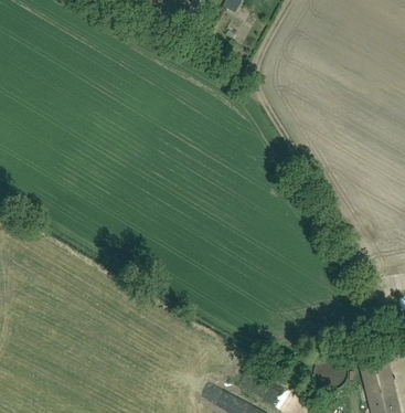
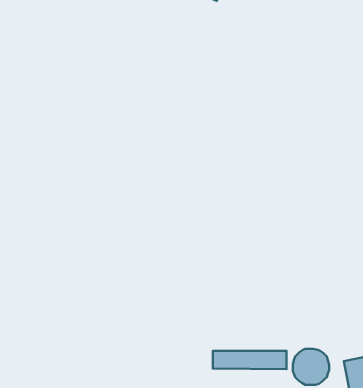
building: none -> [213,351,287,369]

